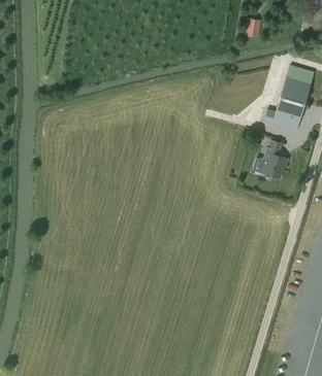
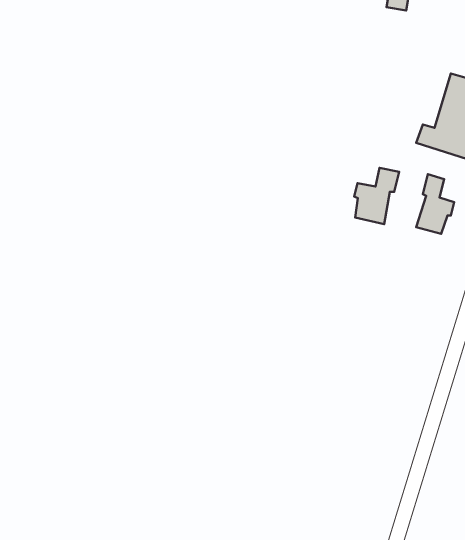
building: none -> [354,168,399,224]

